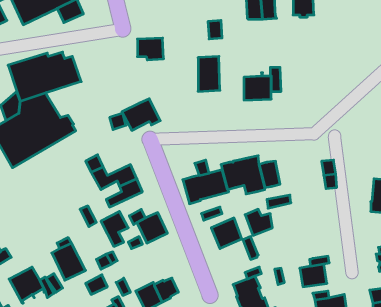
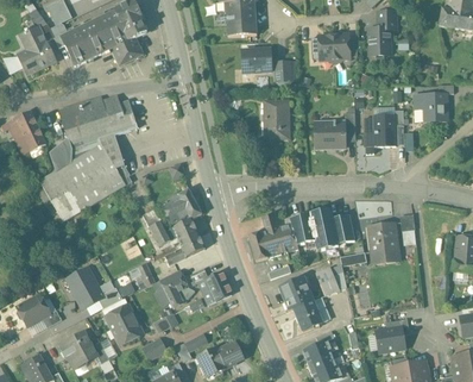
building: [137,38,164,60] -> [242,48,271,71]
building: none -> [415,93,447,121]
building: none -> [365,114,396,154]
building: [122,99,160,130] -> [159,189,201,224]
building: none -> [368,221,399,263]
building: none -> [65,262,108,305]
building: none -> [294,299,322,330]

